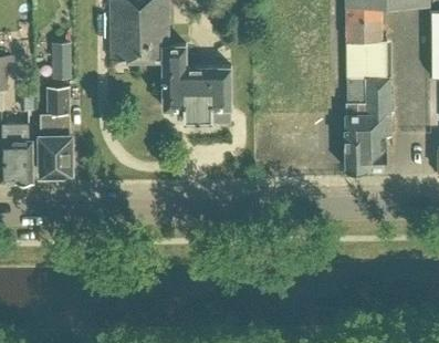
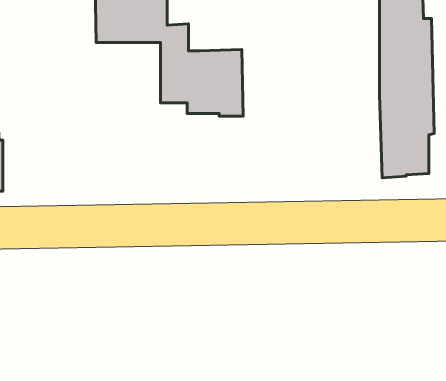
building: [51,44,71,80] -> none
building: [41,87,72,183] -> none

